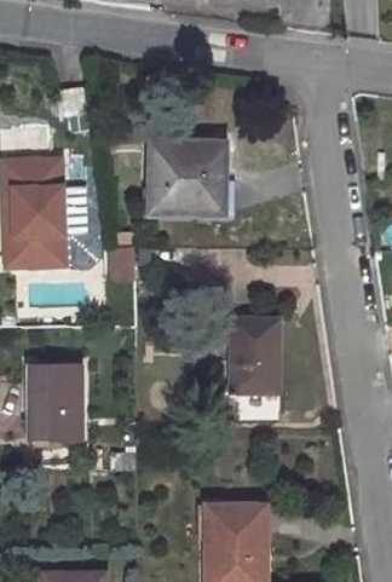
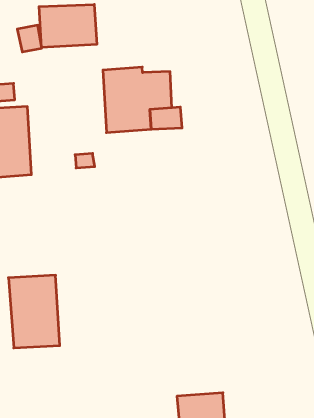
building: none -> [39,4,97,48]
building: [231,318,279,392] -> none

